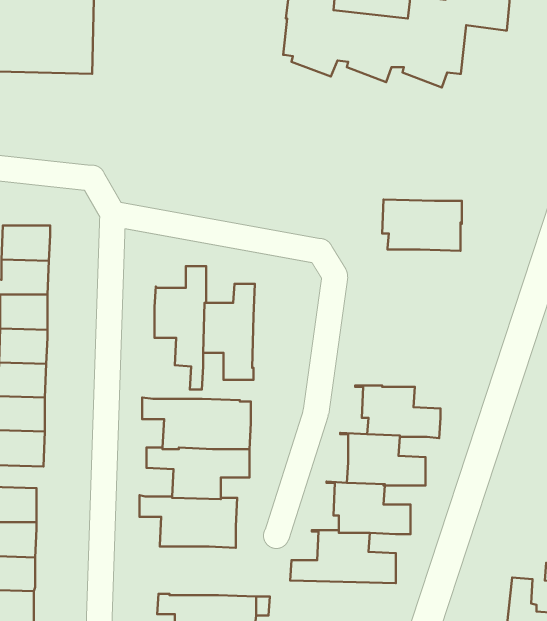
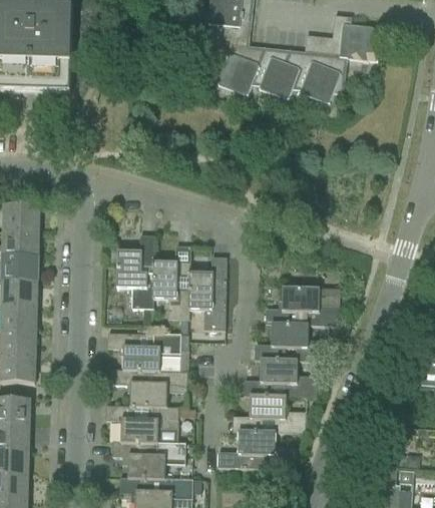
building: [382,200,462,251] -> [281,287,340,325]
building: none -> [188,259,227,330]
building: none -> [112,441,184,478]

